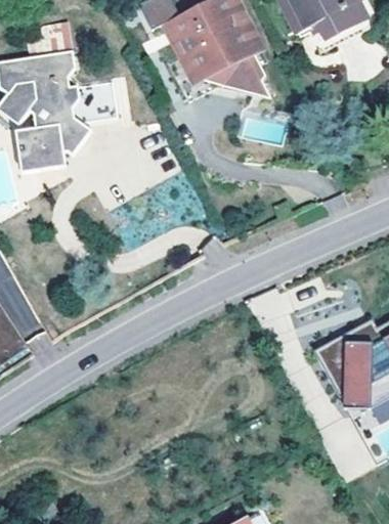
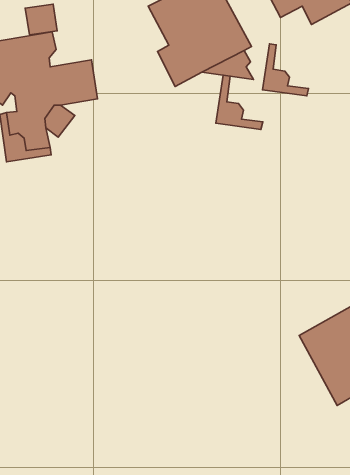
building: none -> [263,44,309,96]
building: none -> [216,75,263,130]

